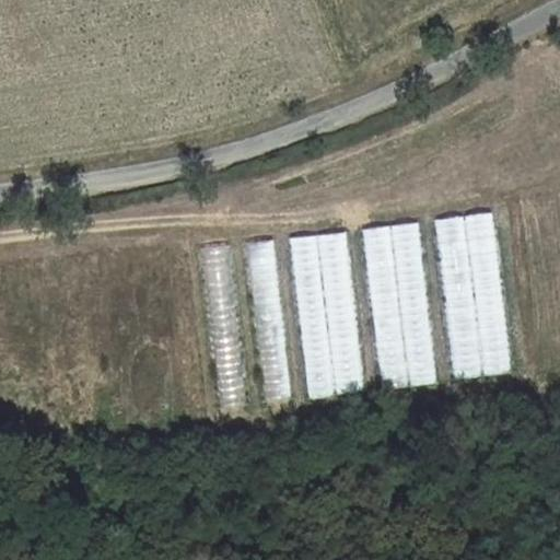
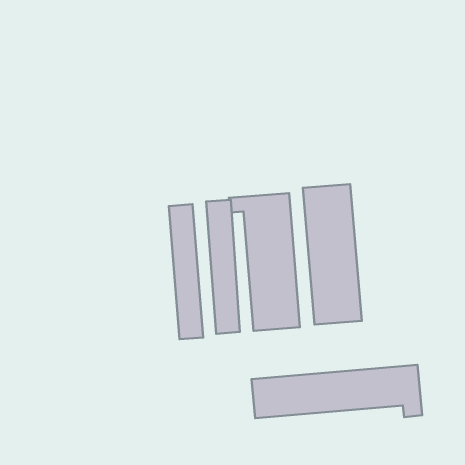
building: [438,212,510,380] -> none
building: none -> [251,365,422,418]

